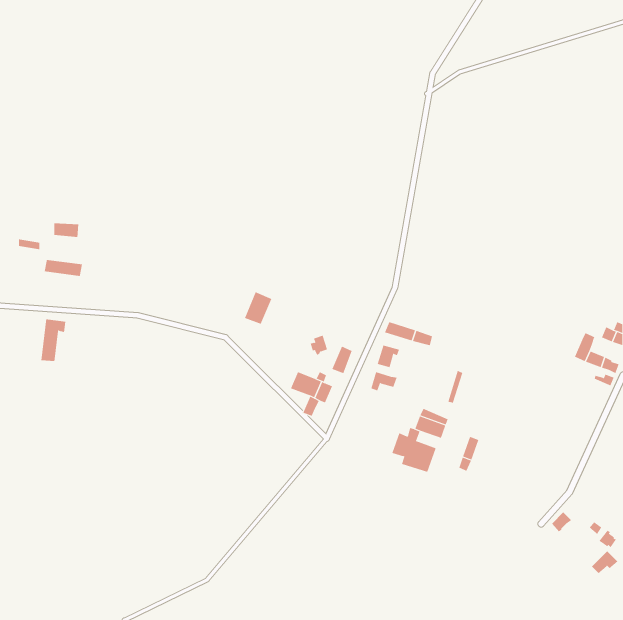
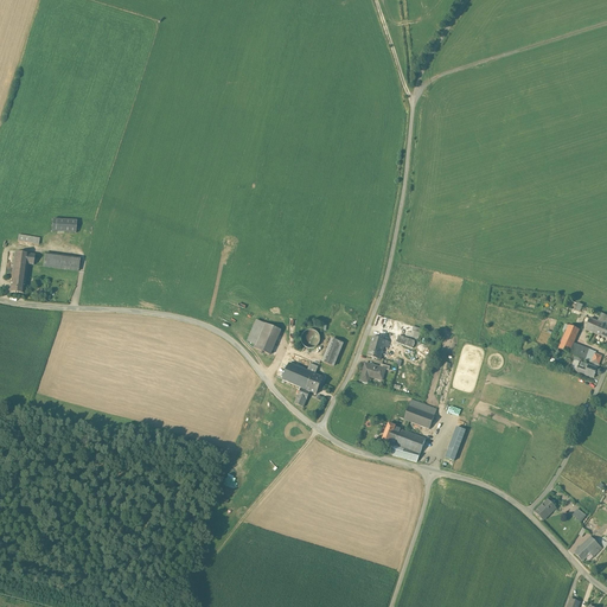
building: [244,292,272,324] -> [254,320,281,352]
building: [41,319,66,362] -> [9,250,34,292]

